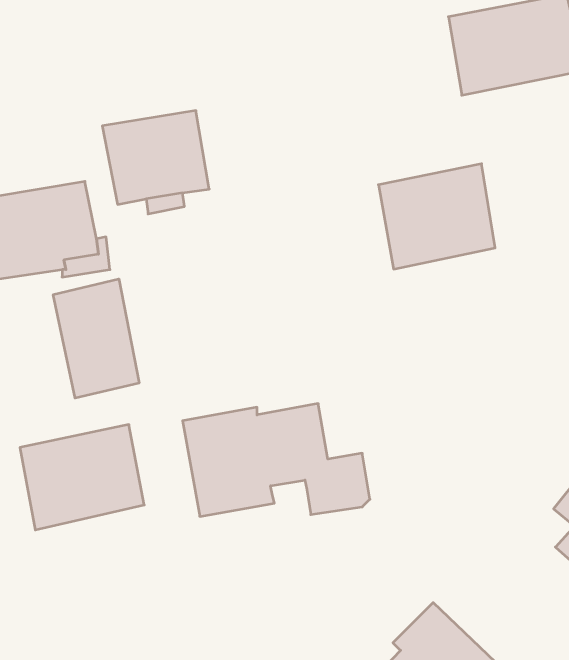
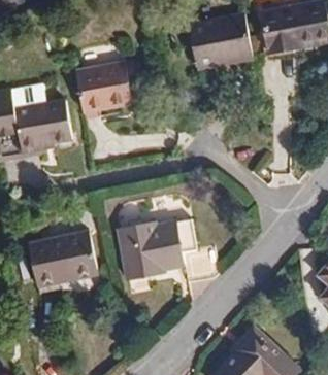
building: [378,164,495,269] -> [190,12,253,69]
building: [53,279,139,398] -> none

